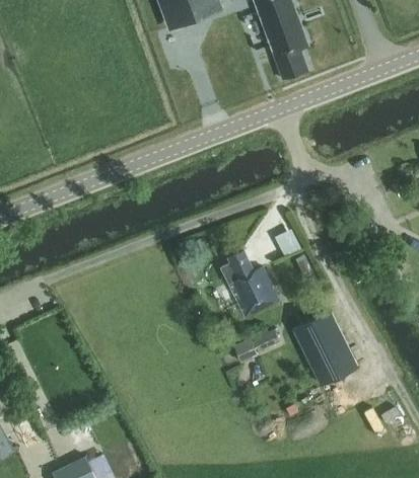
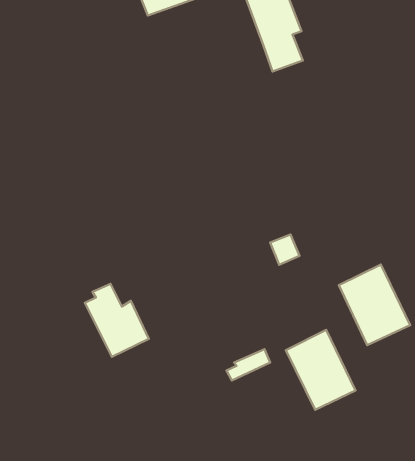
building: [221,251,279,317] -> [85,284,149,357]
building: none -> [339,264,410,345]

